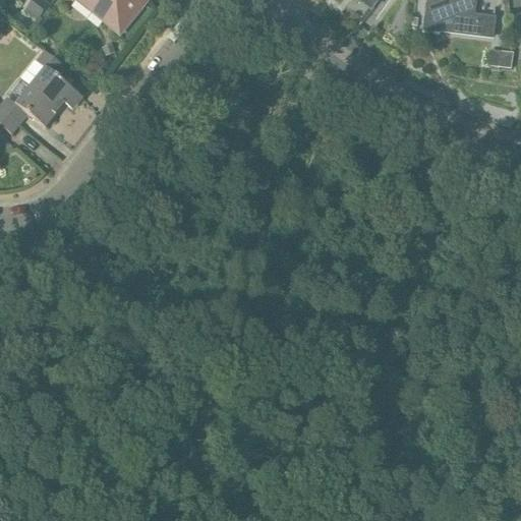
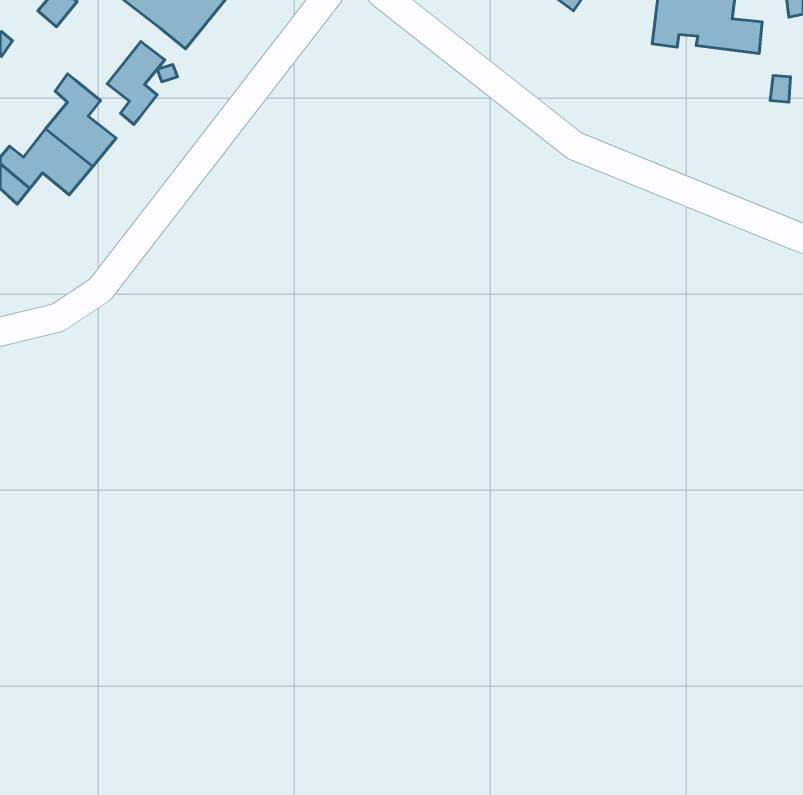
building: none -> [107,42,165,125]

